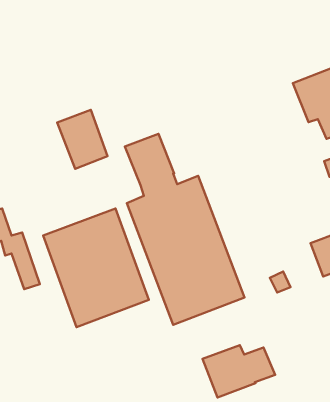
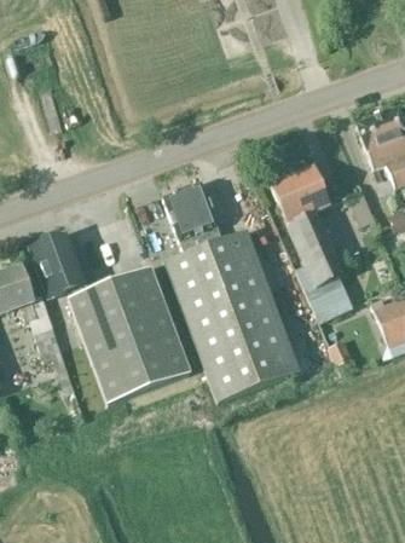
building: [57,110,108,169] -> [27,231,85,299]
building: none -> [270,166,353,322]
building: [202,345,275,398] -> none

